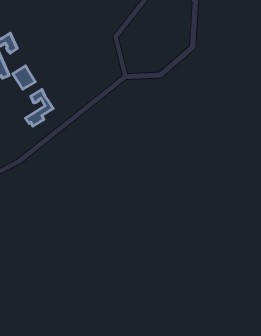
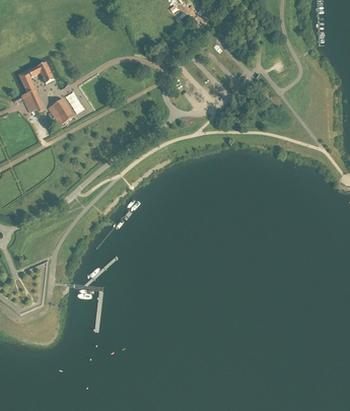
building: [25,90,53,126] -> none

